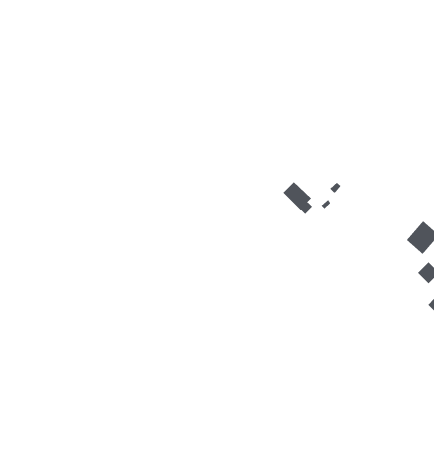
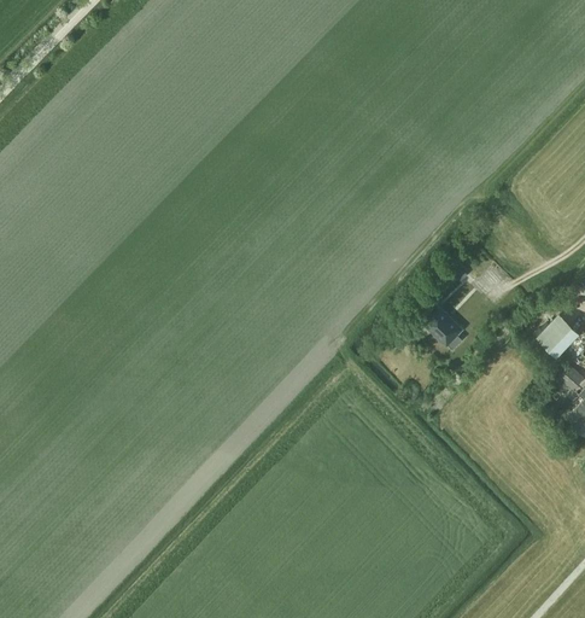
building: [283,181,313,214] -> [426,308,464,350]

